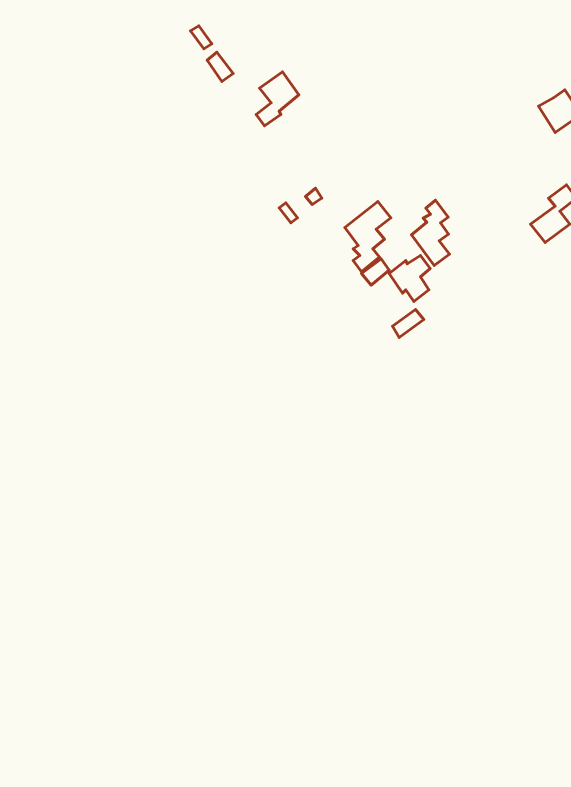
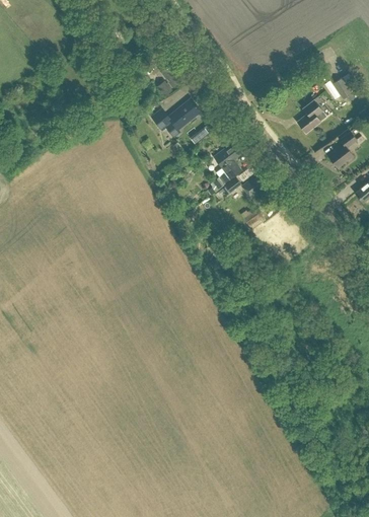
building: none -> [152,97,202,137]
building: none -> [298,99,327,132]
building: [411,200,449,266] -> none

